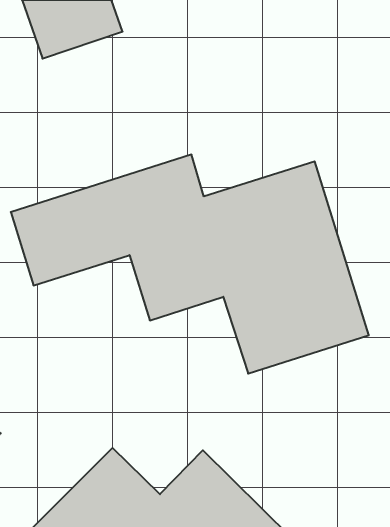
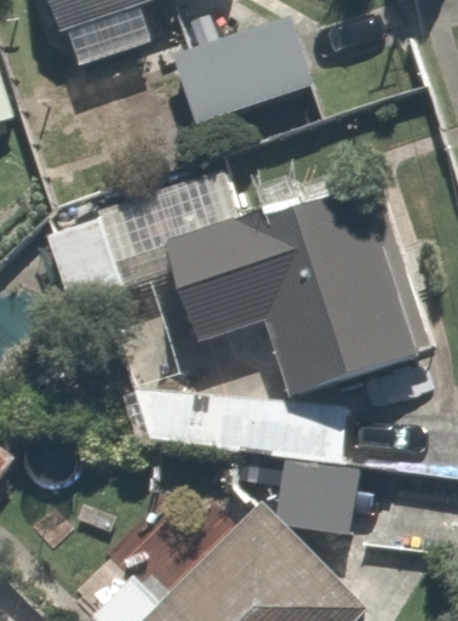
building: none -> [168,12,334,129]

